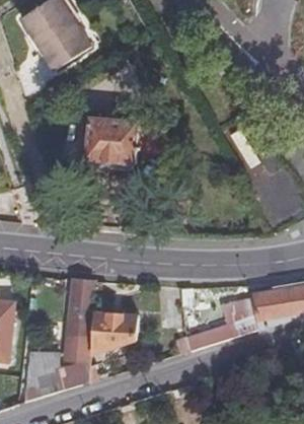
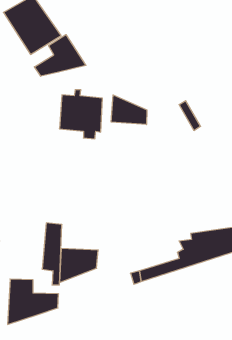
building: none -> [34,35,86,76]
building: none -> [111,95,147,125]

